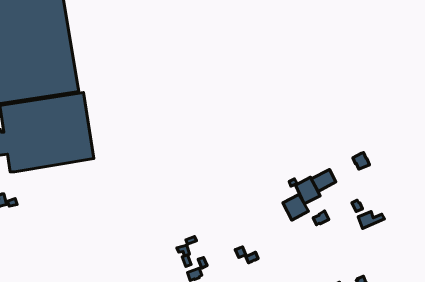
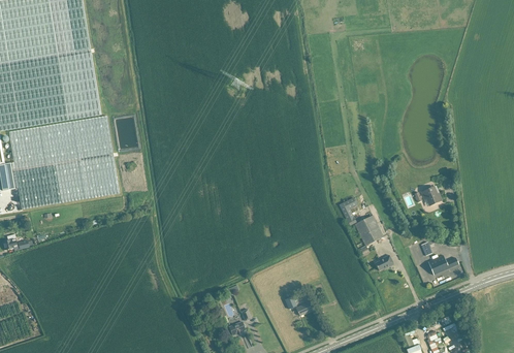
building: [311,169,336,192] -> none
building: [283,194,308,220] -> none

